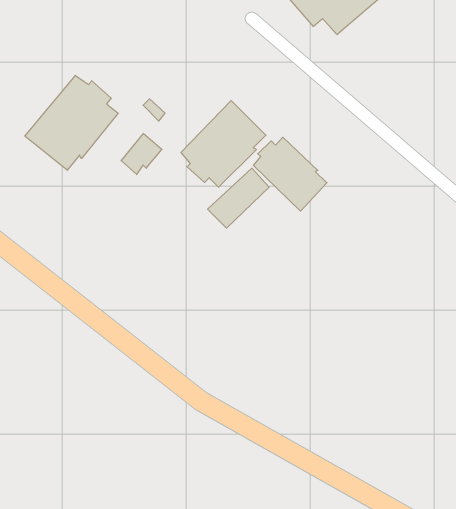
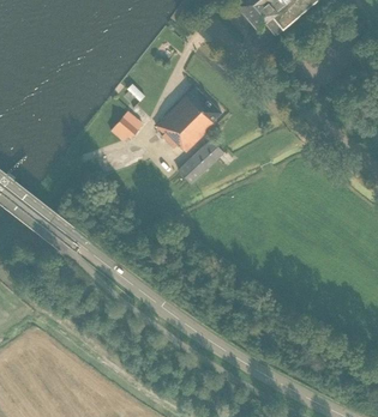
building: [25,75,118,170] -> none
building: [254,137,327,211] -> none

